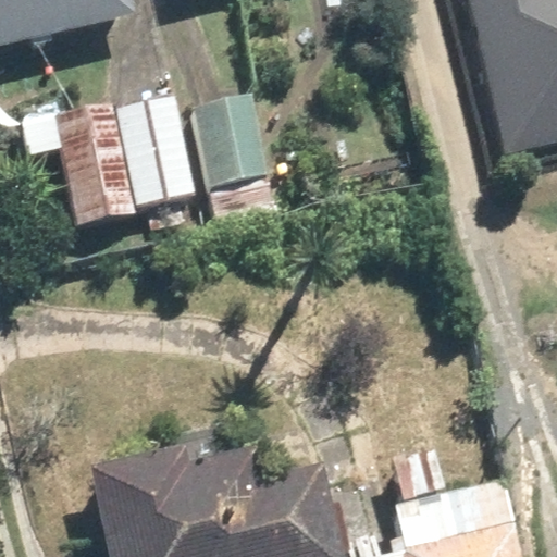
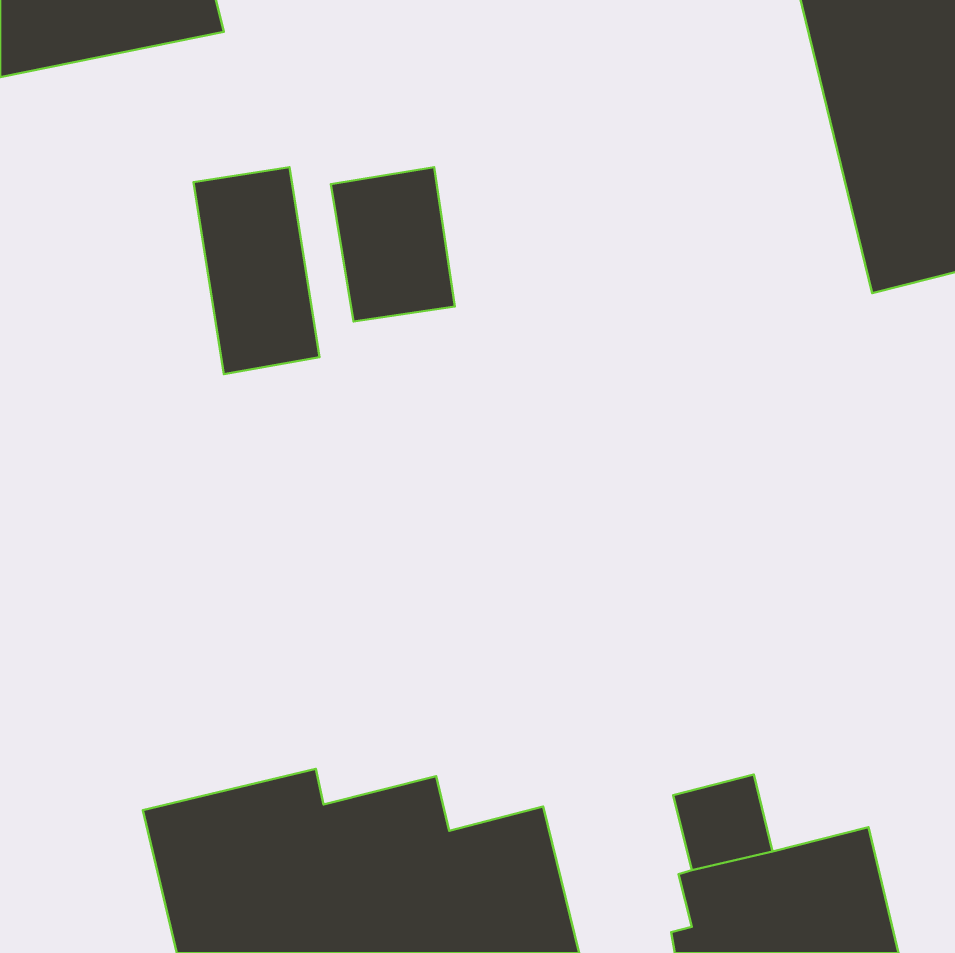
building: [23,106,133,225] -> none

